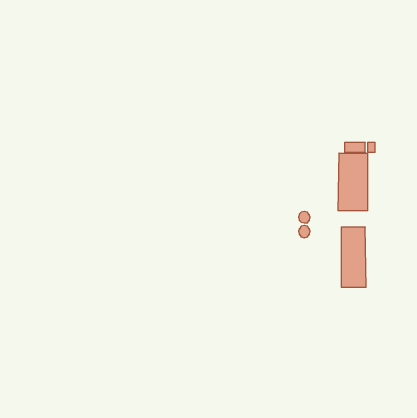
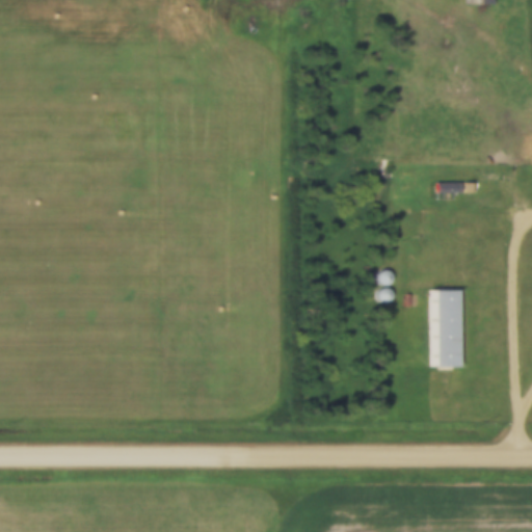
building: [338,153,368,211] -> none

